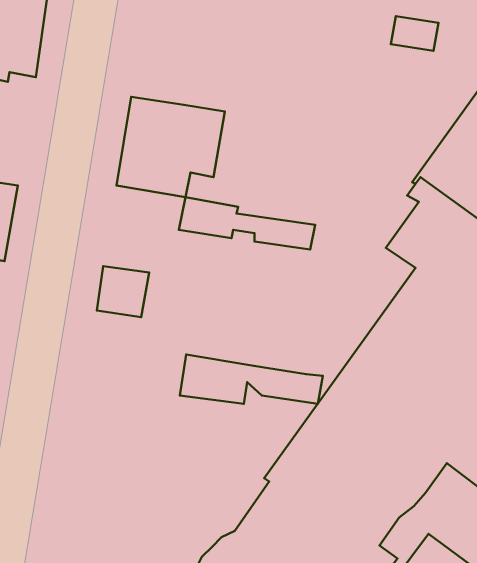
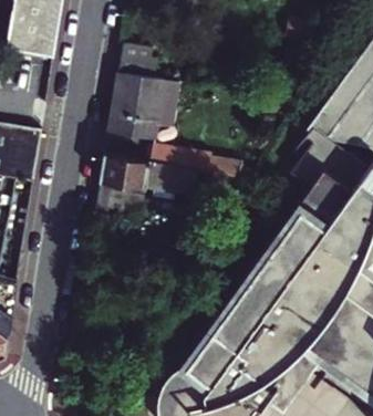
building: none -> [117,41,156,79]
building: [180,354,323,404] -> [100,155,196,188]

